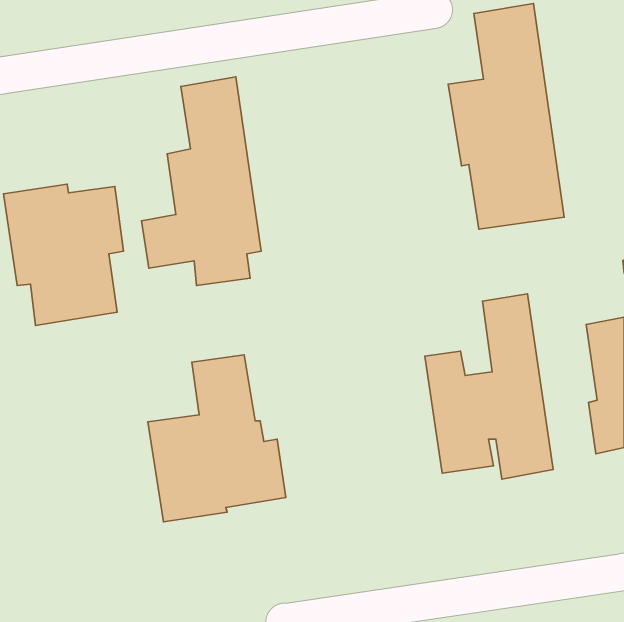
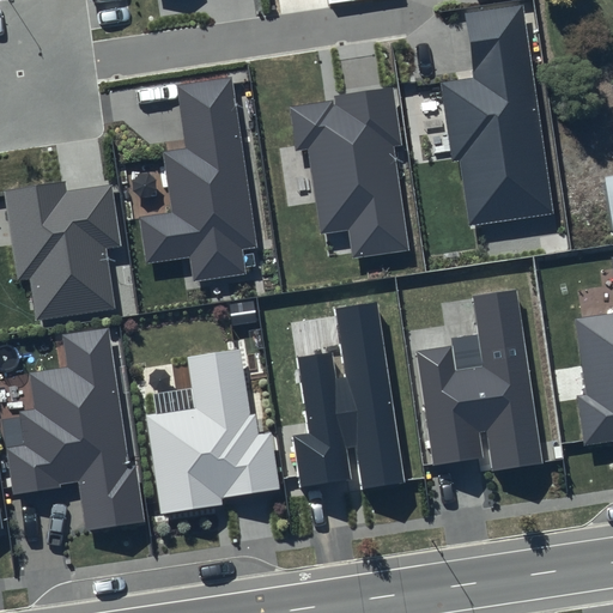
building: none -> [290,86,409,256]
building: none -> [292,301,406,488]
building: none -> [6,327,145,530]

